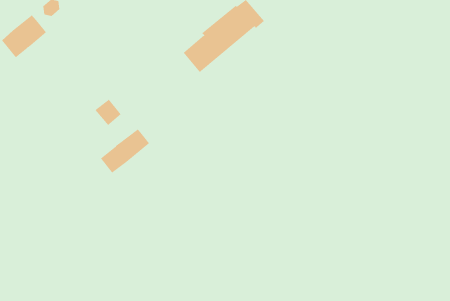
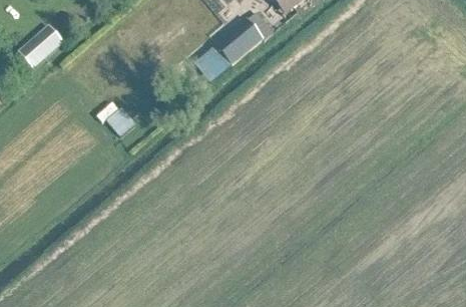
building: [100,128,150,173] -> none

